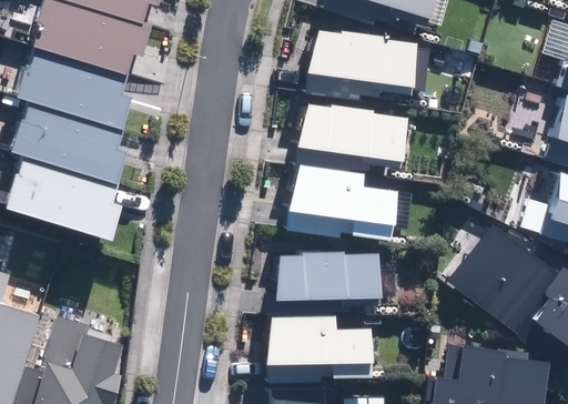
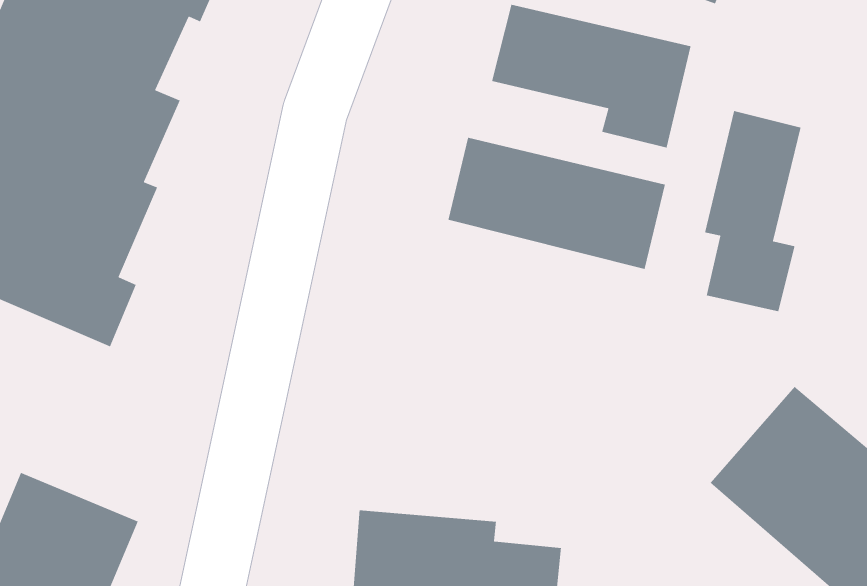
building: none -> [704,110,801,312]
building: [286,168,396,240] -> none
building: [273,249,378,301] -> none

